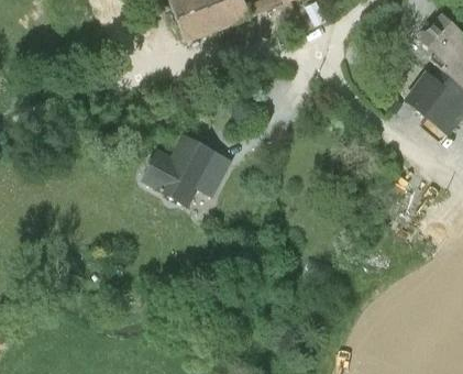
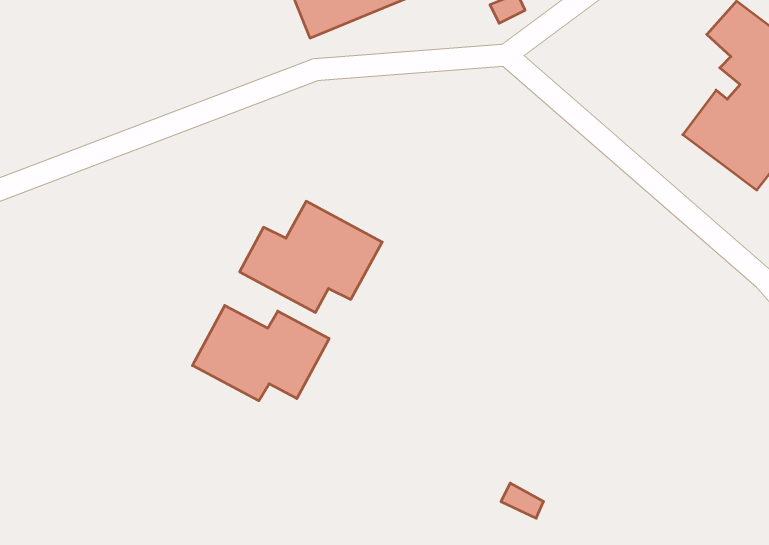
building: none -> [192,305,329,401]

